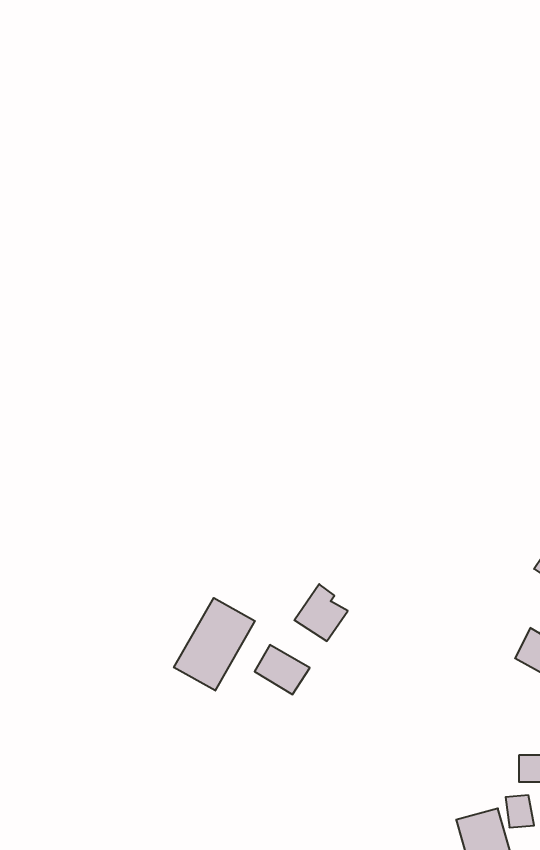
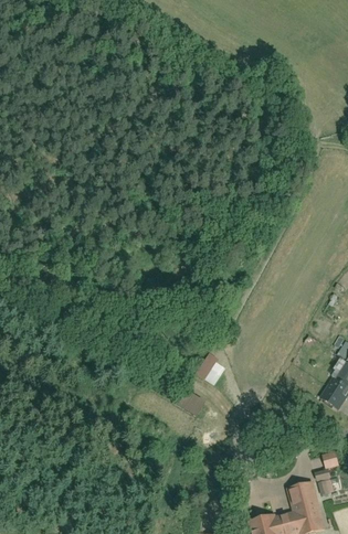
building: [174,598,255,691] -> none

